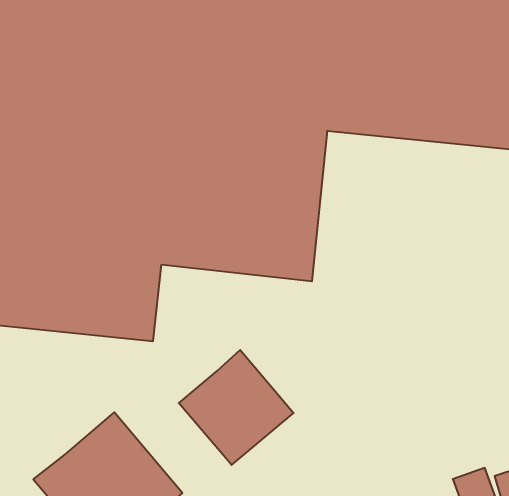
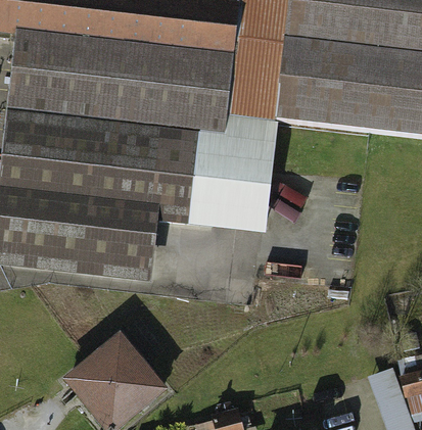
building: [179,350,294,465] -> none

